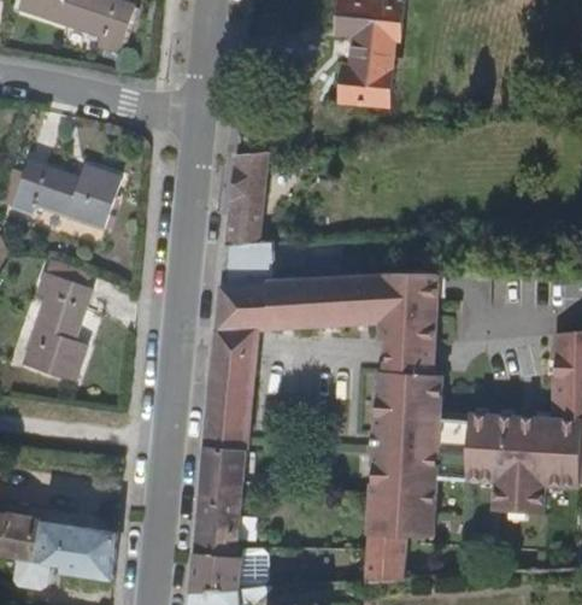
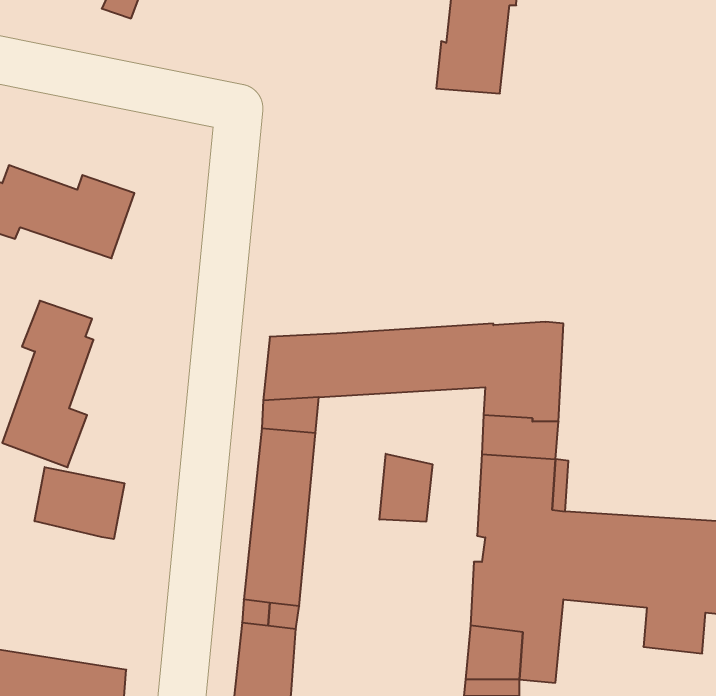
building: [221,154,270,284] -> none
building: none -> [379,454,432,522]
building: none -> [35,467,124,539]

